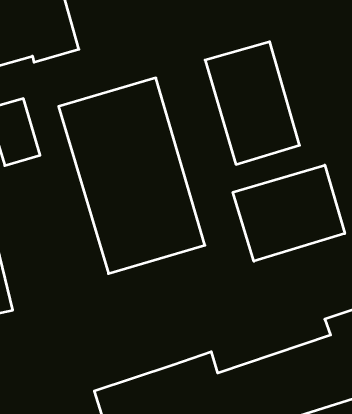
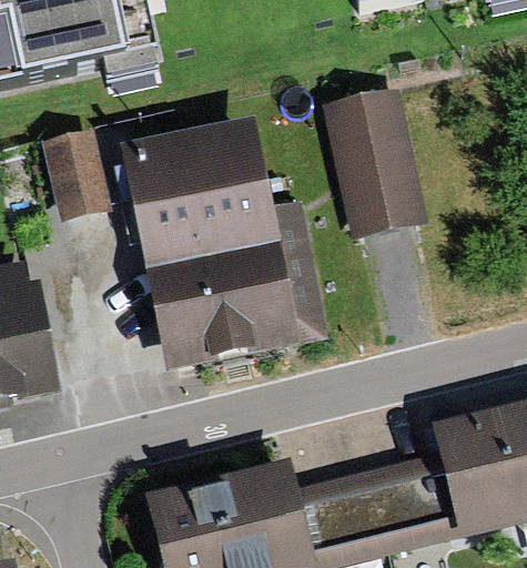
building: [233,165,345,261] -> none

